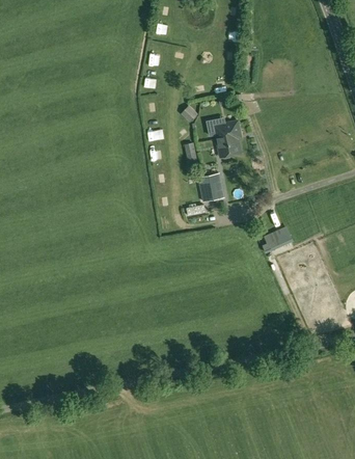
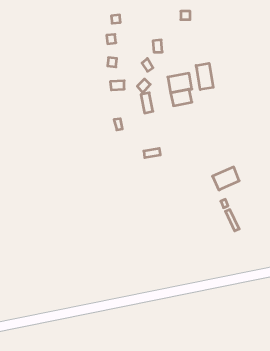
building: none -> [196,63,213,90]
building: [199,173,224,200] -> none

